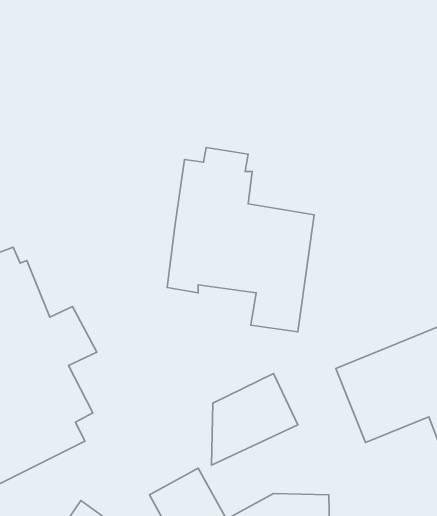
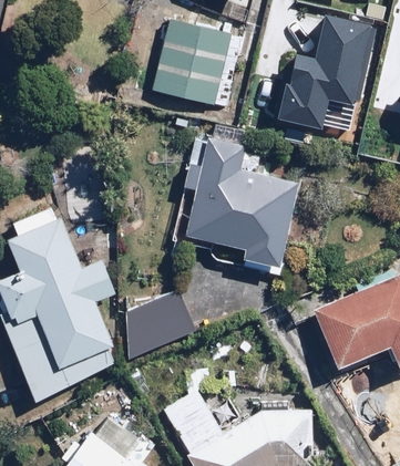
building: none -> [276,17,375,131]
building: none -> [153,19,239,105]
building: [211,374,298,465] -> [125,288,196,363]

